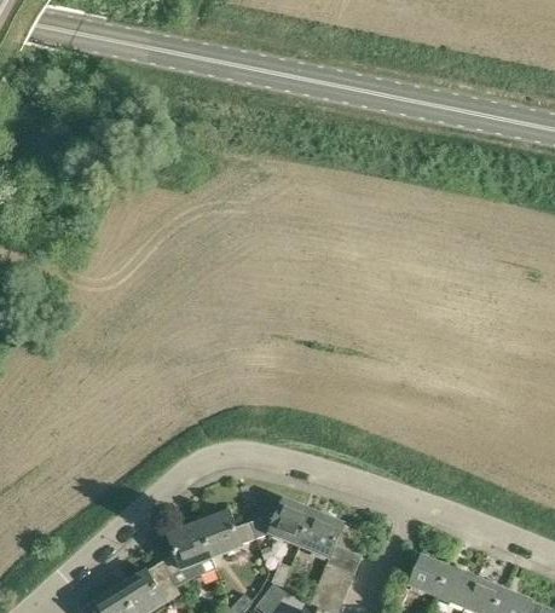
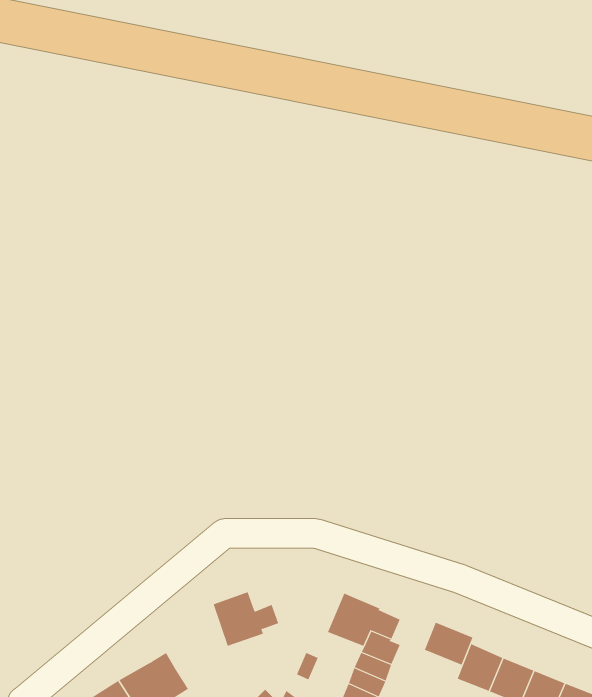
building: [252,499,313,556] -> none
building: [161,521,213,577] -> none
building: none -> [424,622,473,666]

